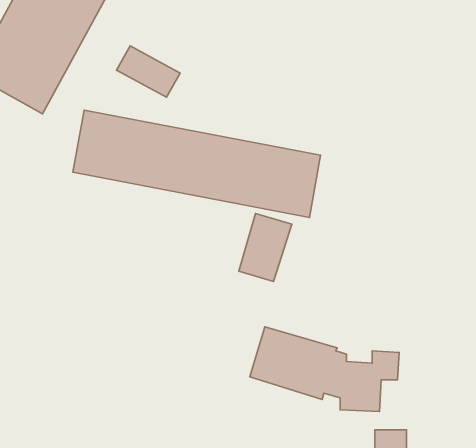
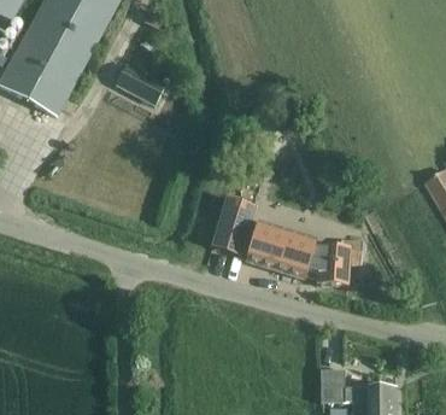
building: [73,110,321,218] -> none
building: [250,327,399,411] -> [243,215,363,282]

